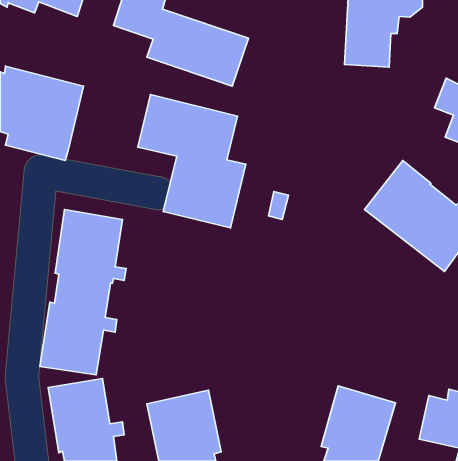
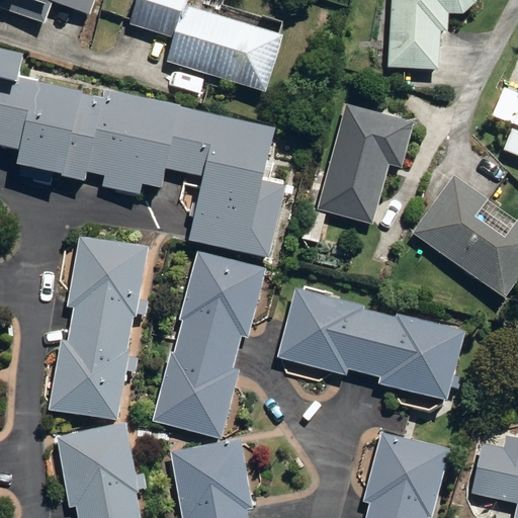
building: none -> [82,88,174,192]
building: none -> [318,106,412,226]
building: none -> [154,252,265,435]
building: none -> [277,286,460,398]

